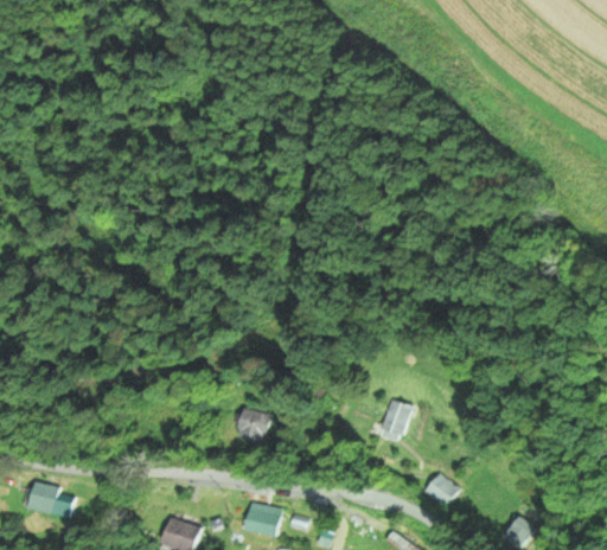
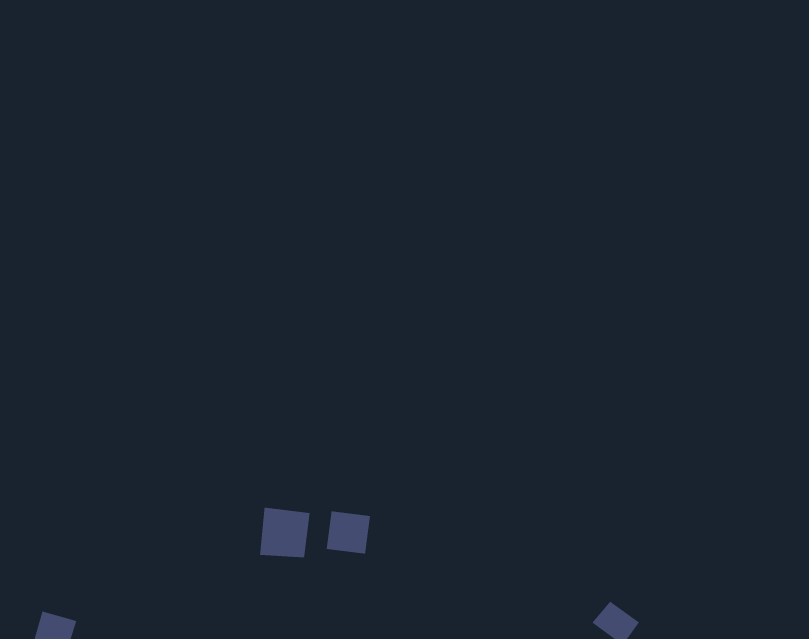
building: [383,399,413,436] -> none
building: none -> [260,507,310,558]

